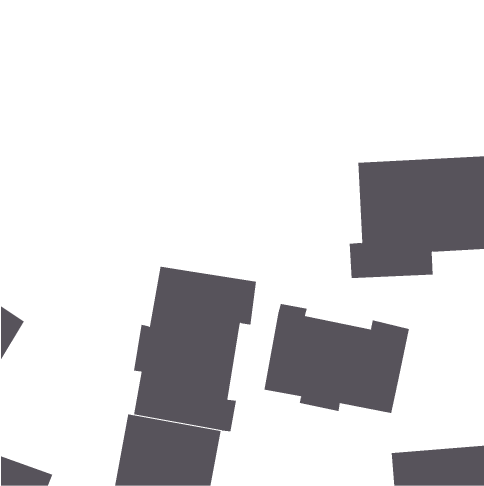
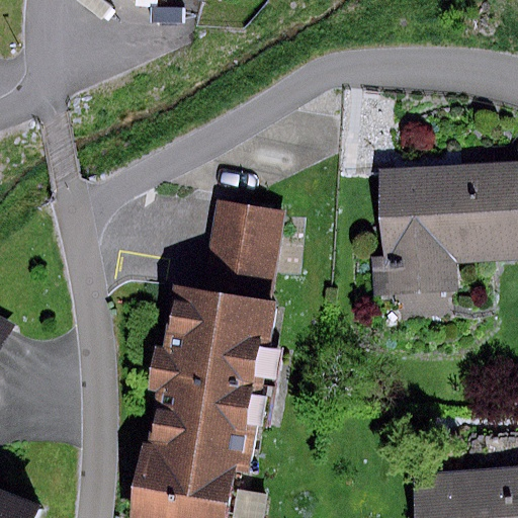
building: none -> [205,202,288,299]
building: [264,303,409,414] -> none

